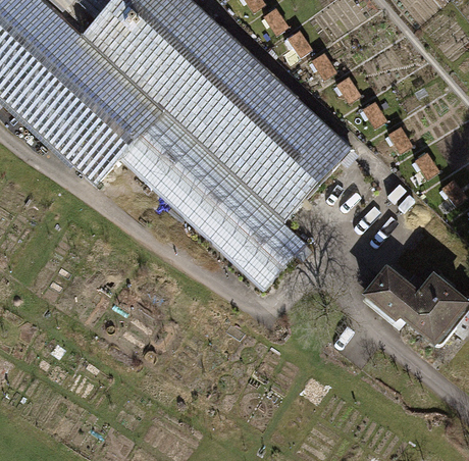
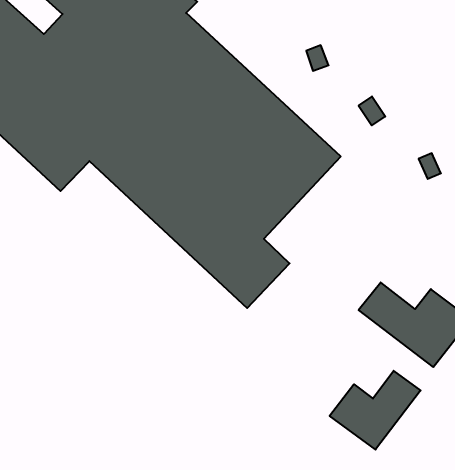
building: none -> [330,371,421,450]

